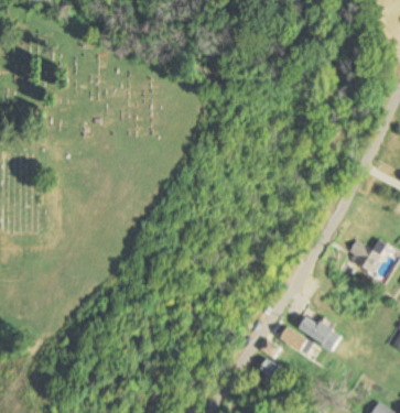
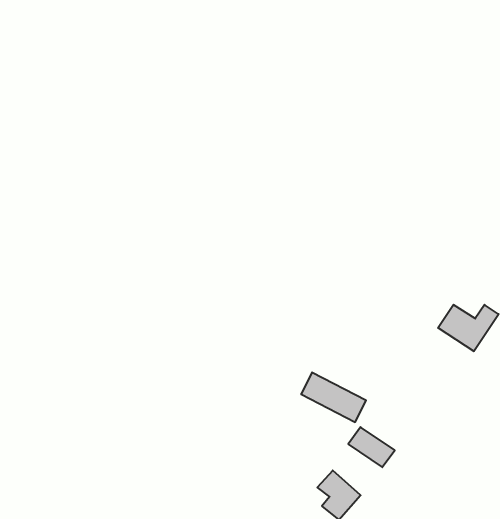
building: [296,314,343,349] -> [301,372,366,422]

